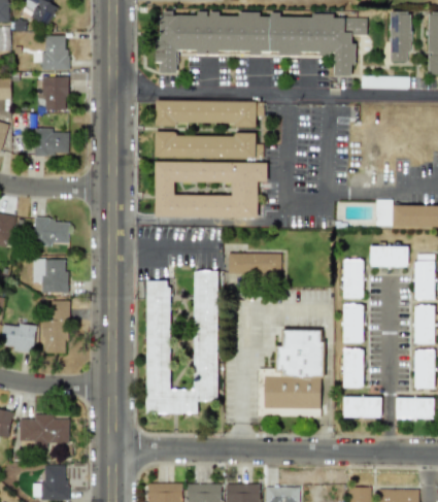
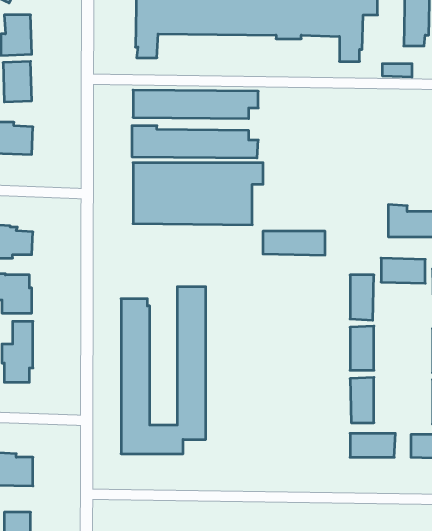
building: [228,254,281,274] -> [263,231,325,255]
building: [264,330,323,416] -> none

